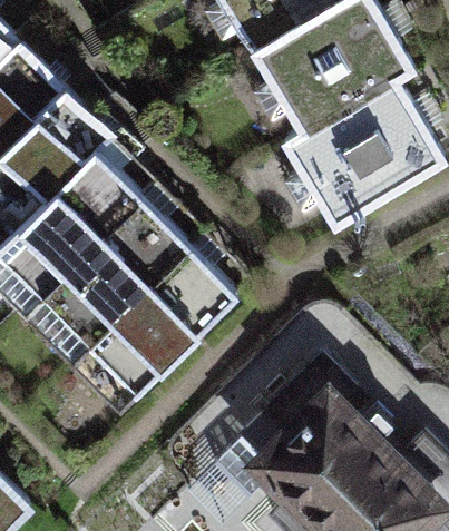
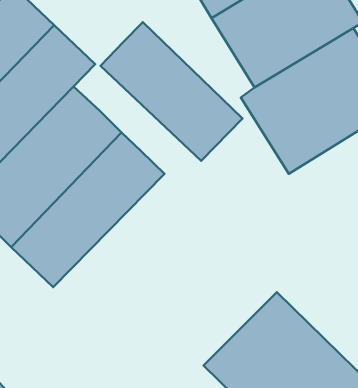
building: none -> [100,22,243,161]
building: [64,237,238,413] -> none

